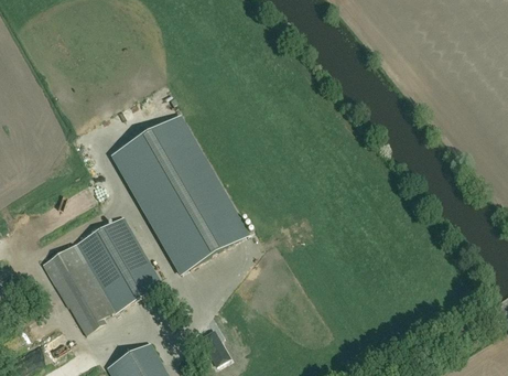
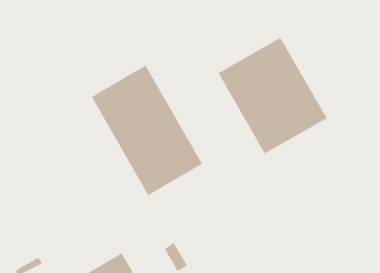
building: none -> [218,37,327,154]
building: [42,216,161,334] -> none

